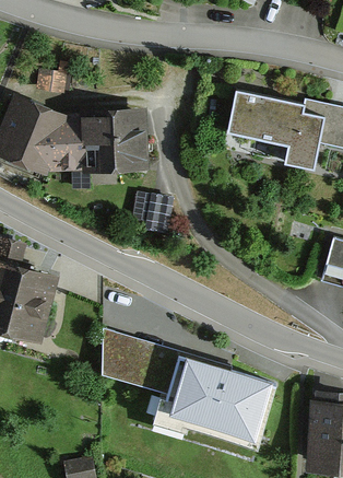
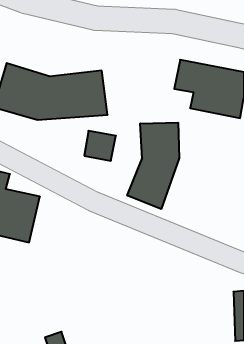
building: none -> [127,123,179,209]
building: [92,329,265,444] -> none

